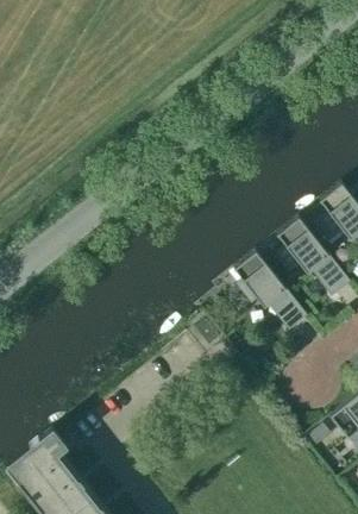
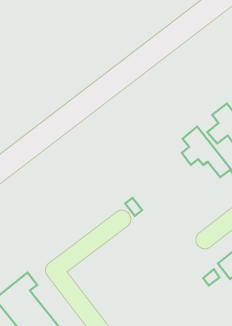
building: [235,253,309,326] -> none

